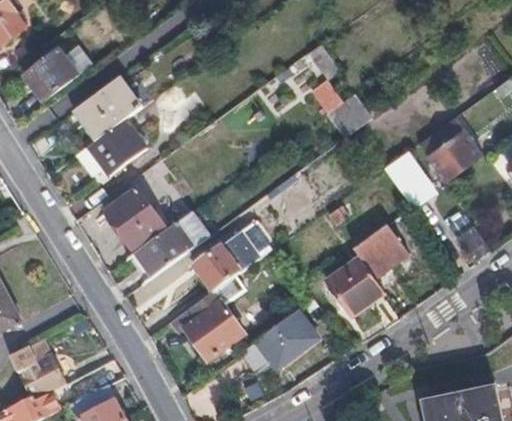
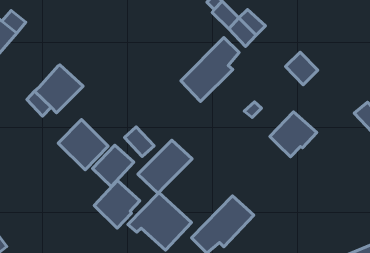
building: [71,77,142,142] -> none
building: [418,116,482,182] -> none
building: none -> [181,37,239,101]
building: [326,258,386,316] -> none
building: none -> [94,180,140,228]

